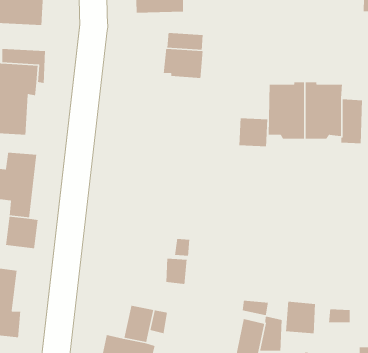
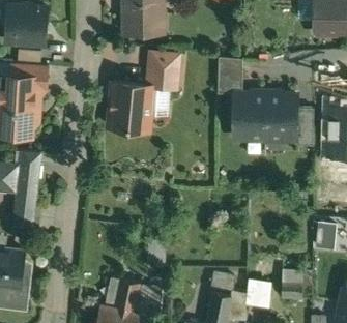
building: none -> [109,84,152,134]
building: [239,118,268,147] -> [218,67,242,92]

